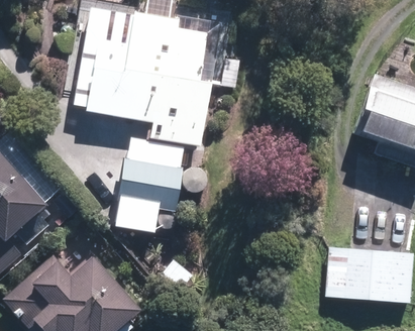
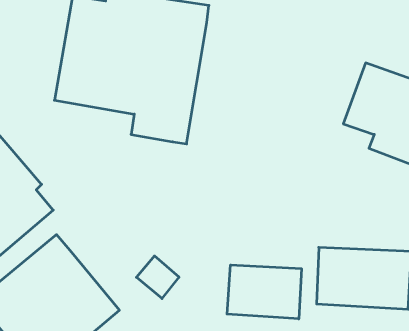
building: [114,138,186,232] -> none
building: none -> [227,265,301,319]

